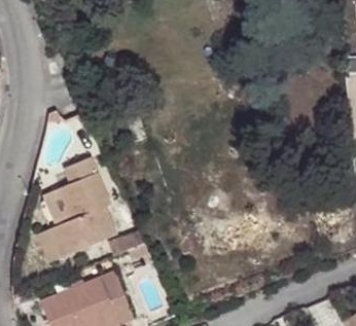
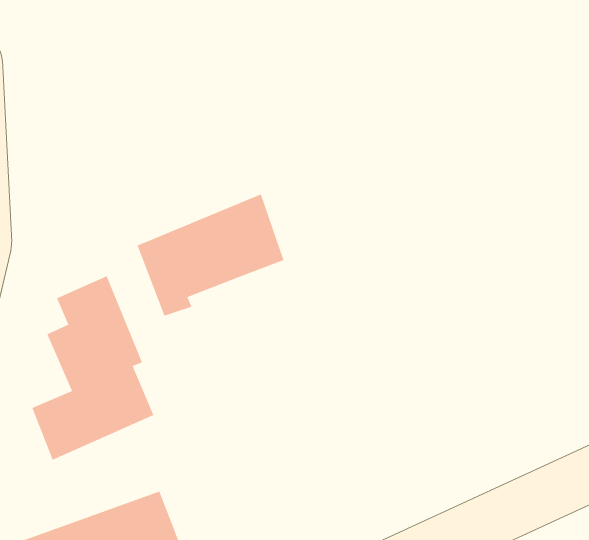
building: none -> [137,194,284,317]

